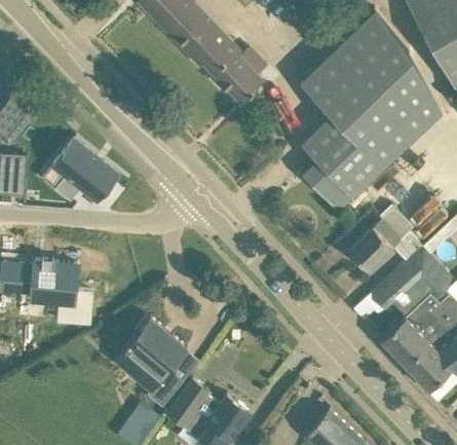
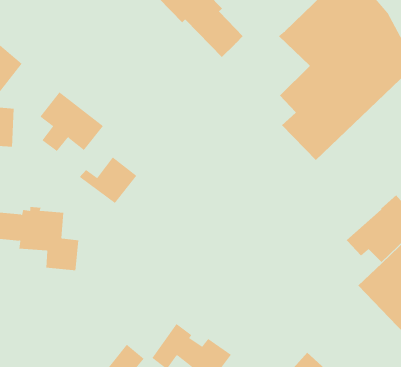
building: none -> [79,157,137,204]
building: [349,209,414,272] -> none
building: [115,318,188,408] -> none

